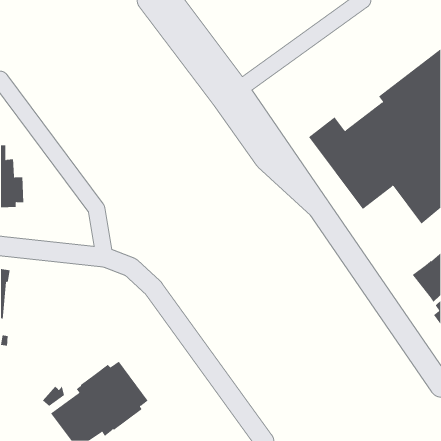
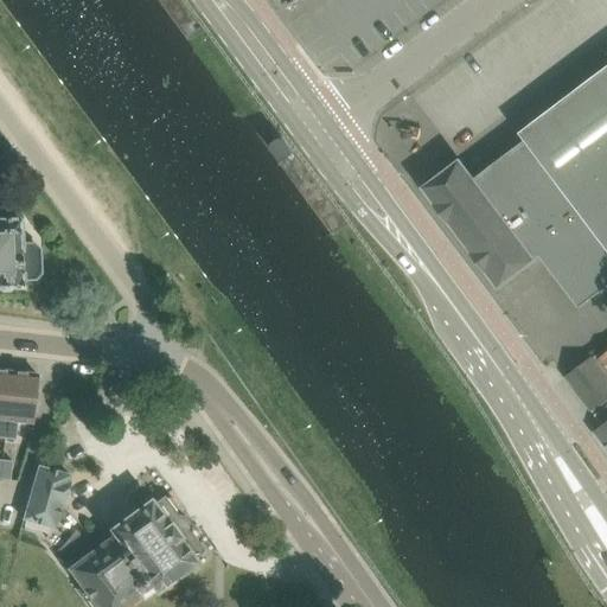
building: none -> [5,371,37,440]
building: none -> [23,466,70,528]

